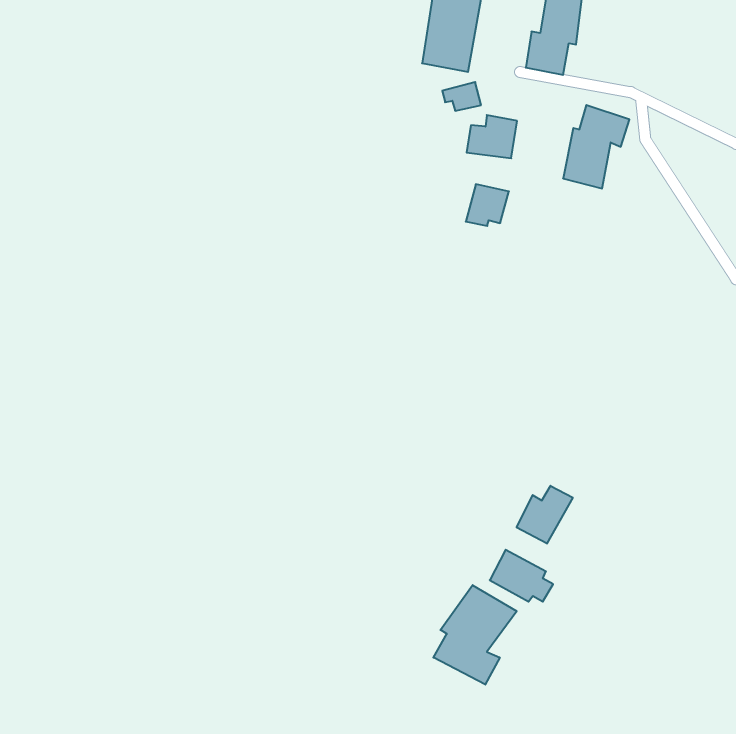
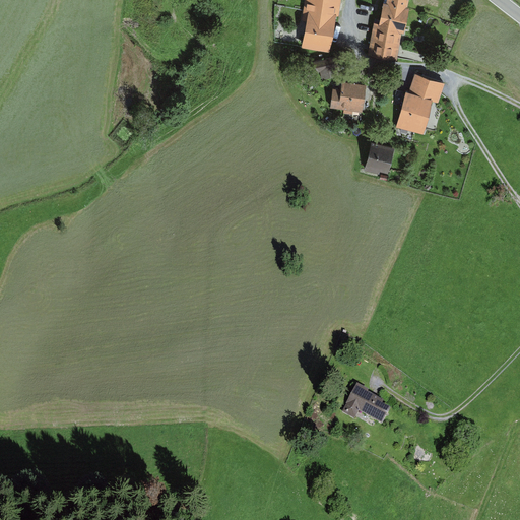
building: [466,184,509,226] -> [364,143,394,173]
building: [517,486,573,544] -> none
building: [433,585,517,685] -> none

